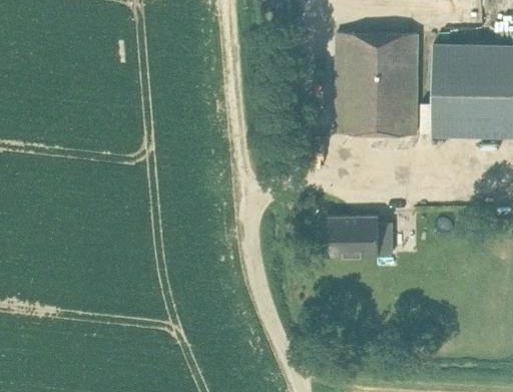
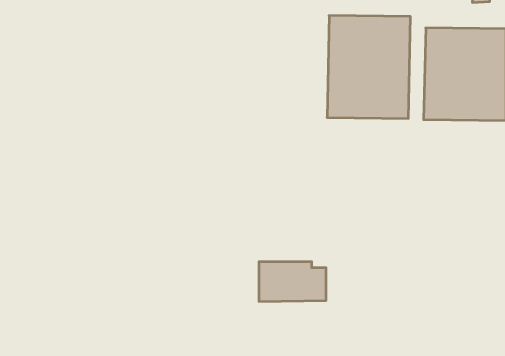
building: [327,217,393,256] -> [259,262,326,301]

